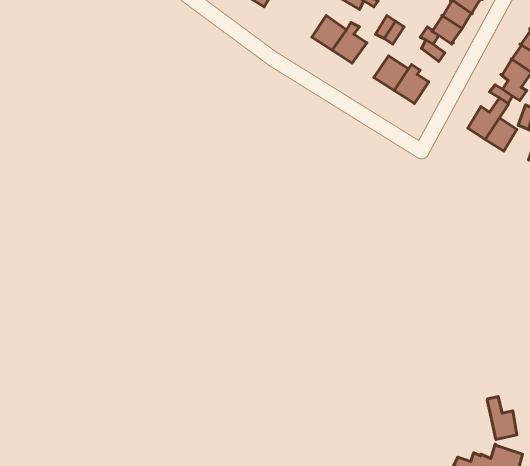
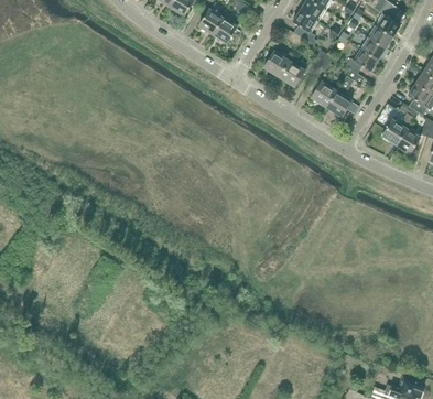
building: [487,397,517,439] -> none

